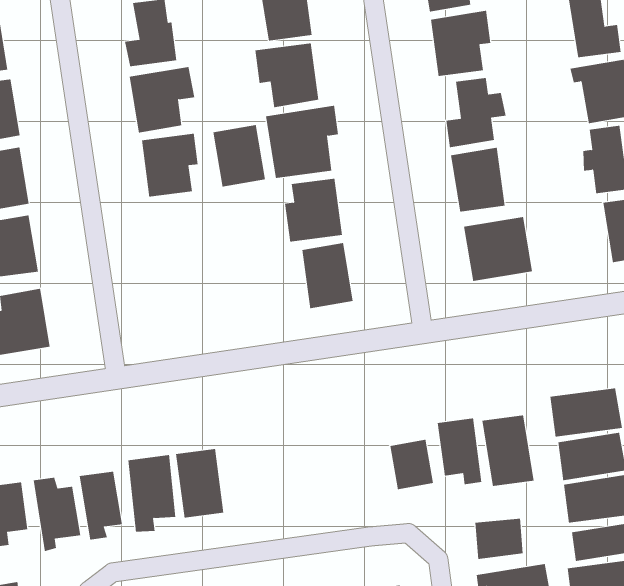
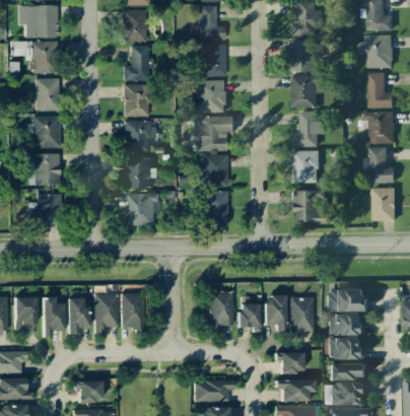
building: [213,125,266,187] -> [127,156,152,188]
building: none -> [127,193,160,225]
building: none -> [210,291,233,327]

